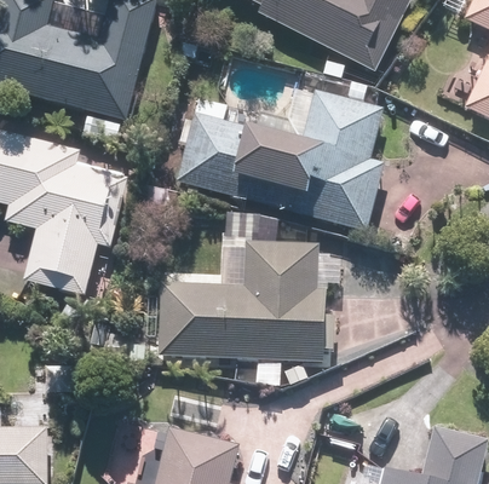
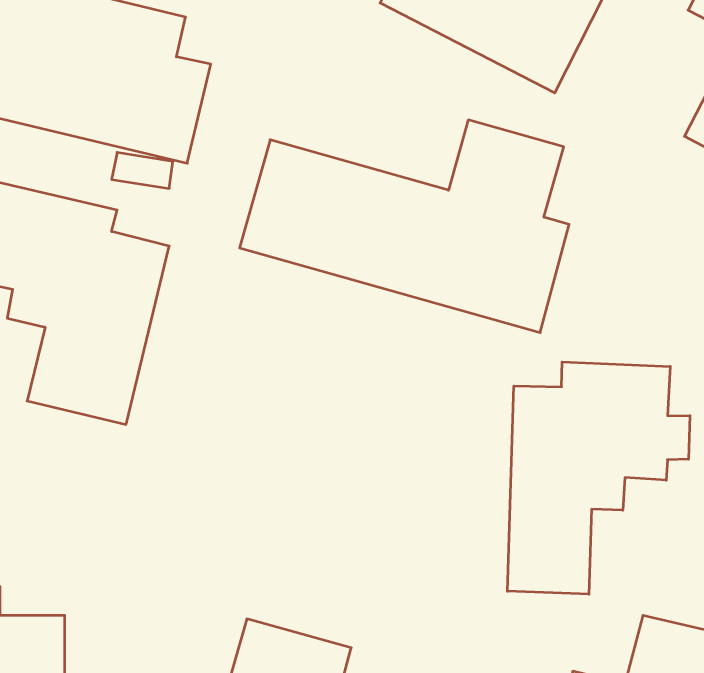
building: [154,242,328,361] -> none
building: none -> [507,362,690,594]

